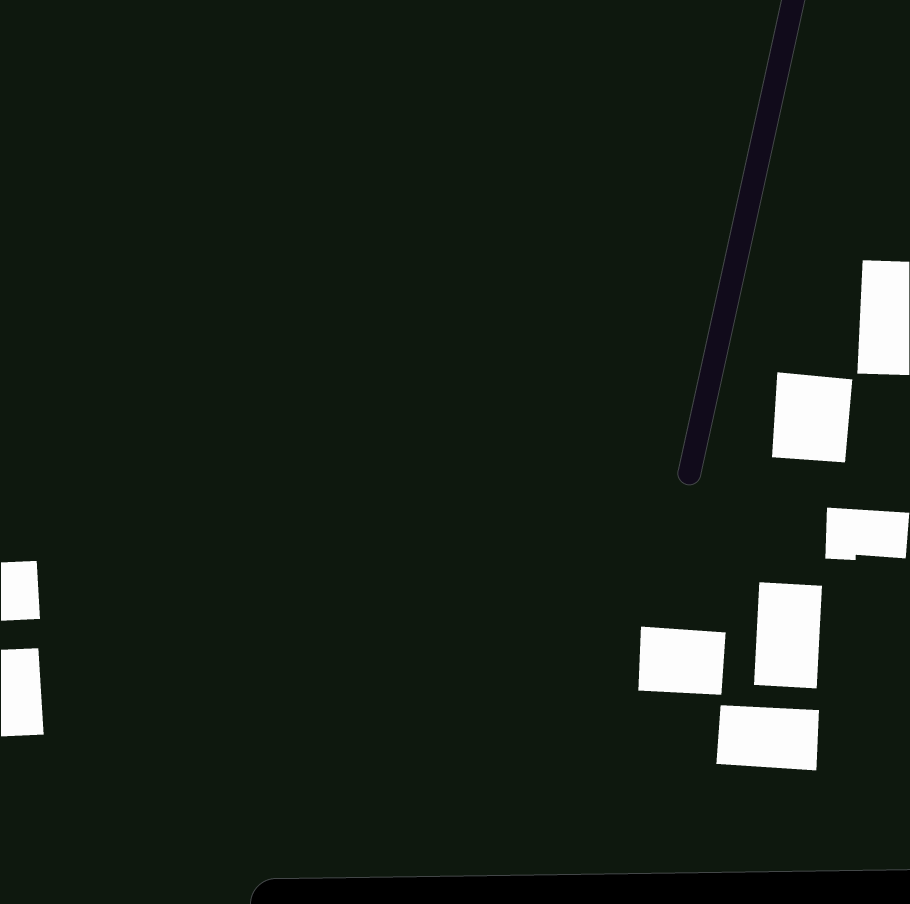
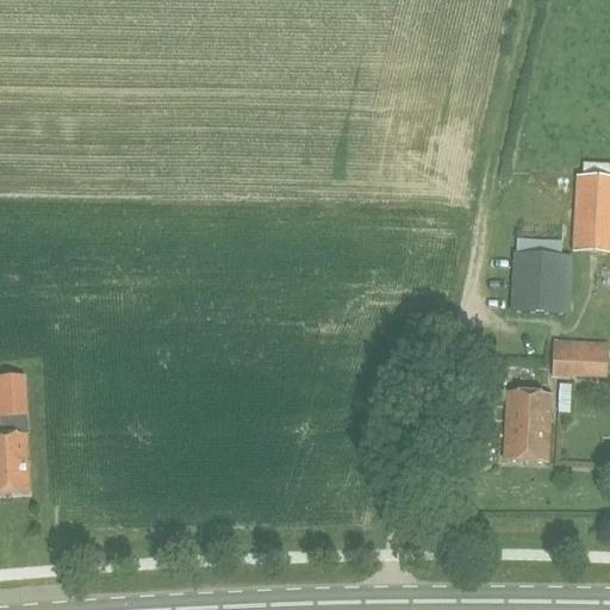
building: [638,626,726,695] -> none
building: [716,704,819,771] -> none

